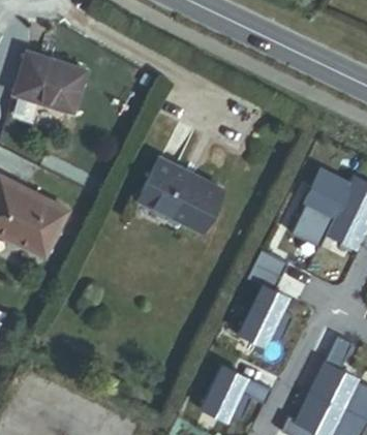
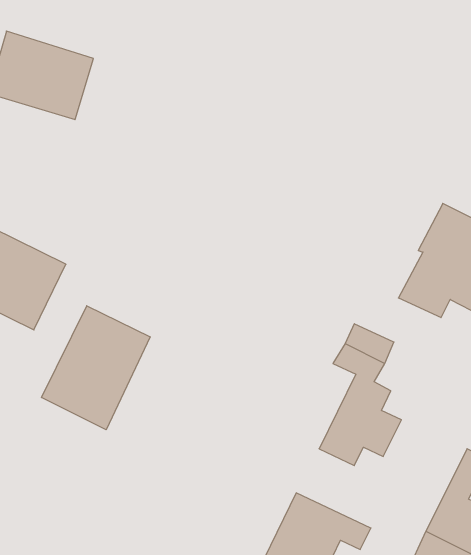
building: [140,160,221,234] -> none
building: none -> [42,306,150,430]

